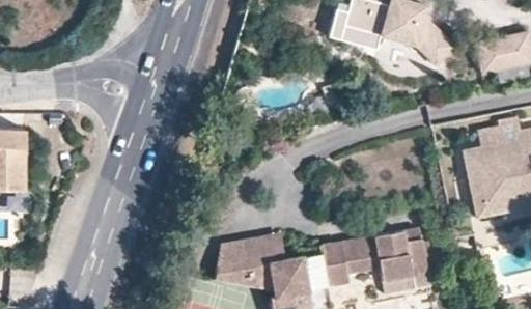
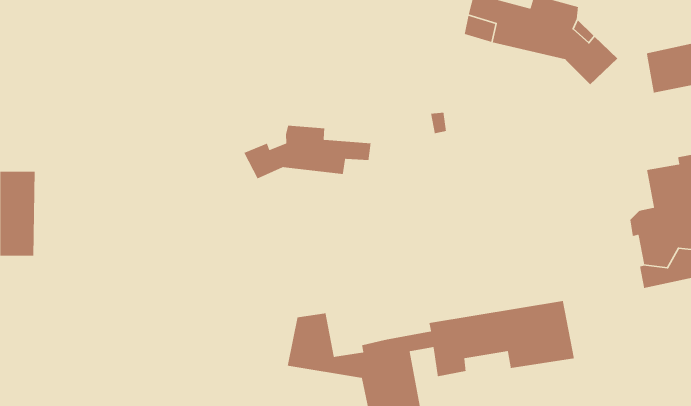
building: none -> [243,125,371,180]
building: [242,230,285,271] -> none

